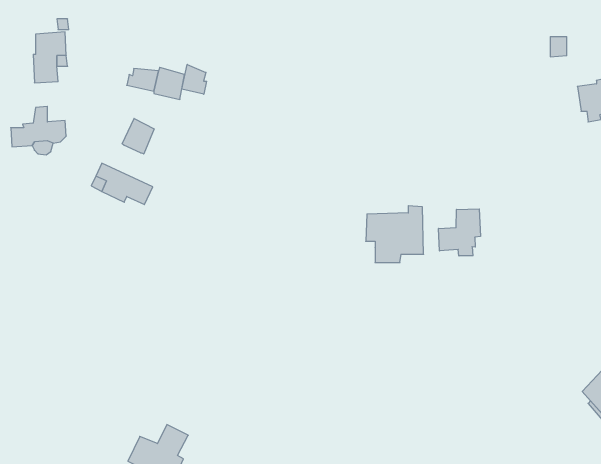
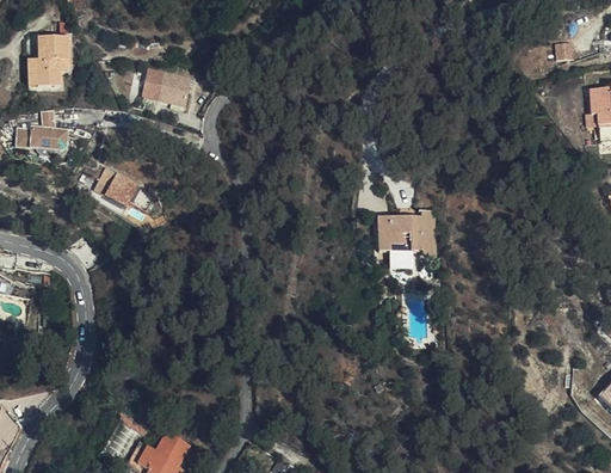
building: [182,64,207,94] -> none
building: [122,118,154,154] -> none
building: [439,209,480,256] -> none

